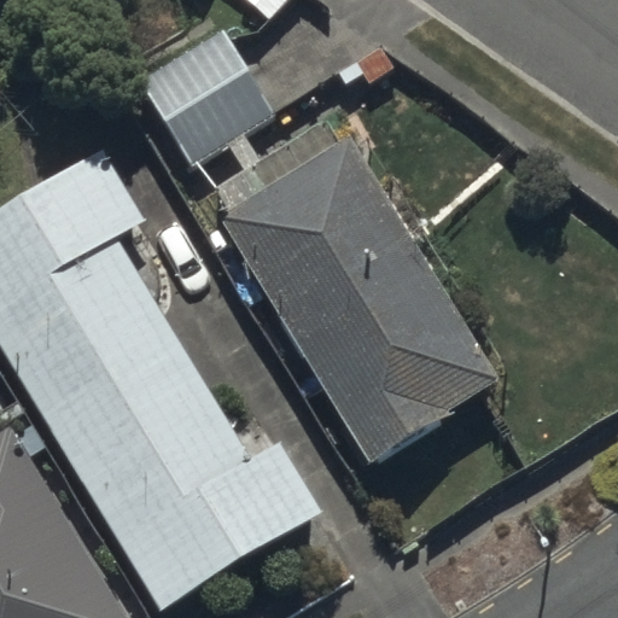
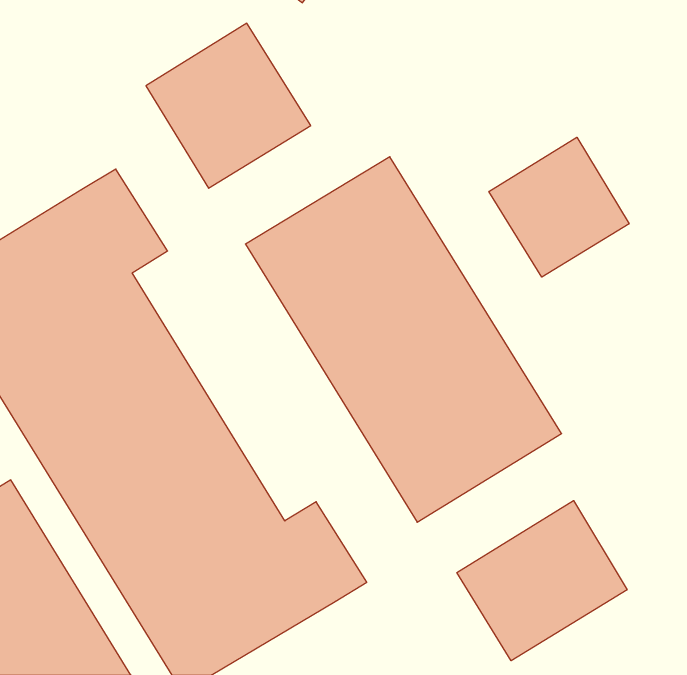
building: none -> [489,137,629,277]
building: none -> [457,501,627,661]

